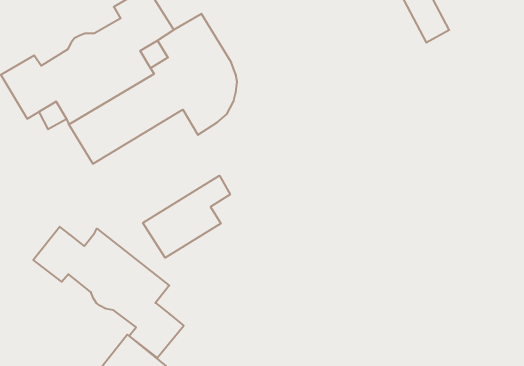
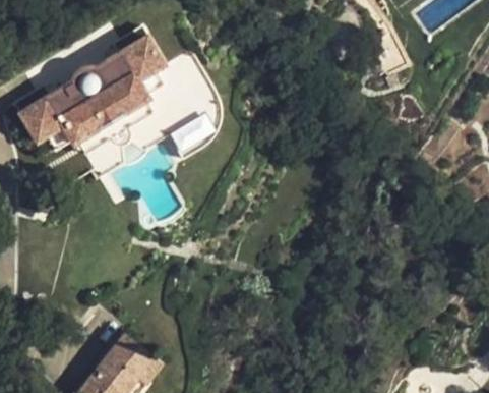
building: [143,176,230,258] -> none
building: [33,227,184,358] -> none

